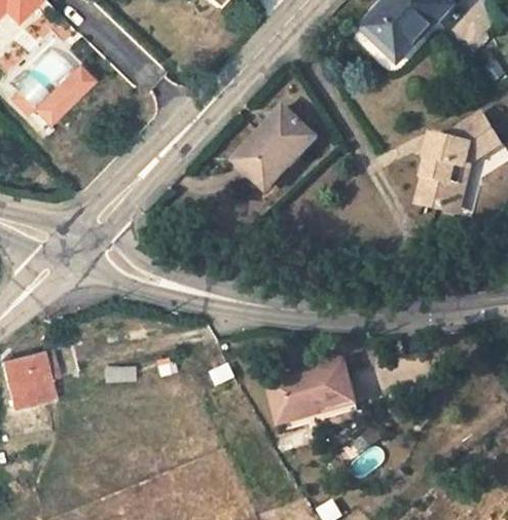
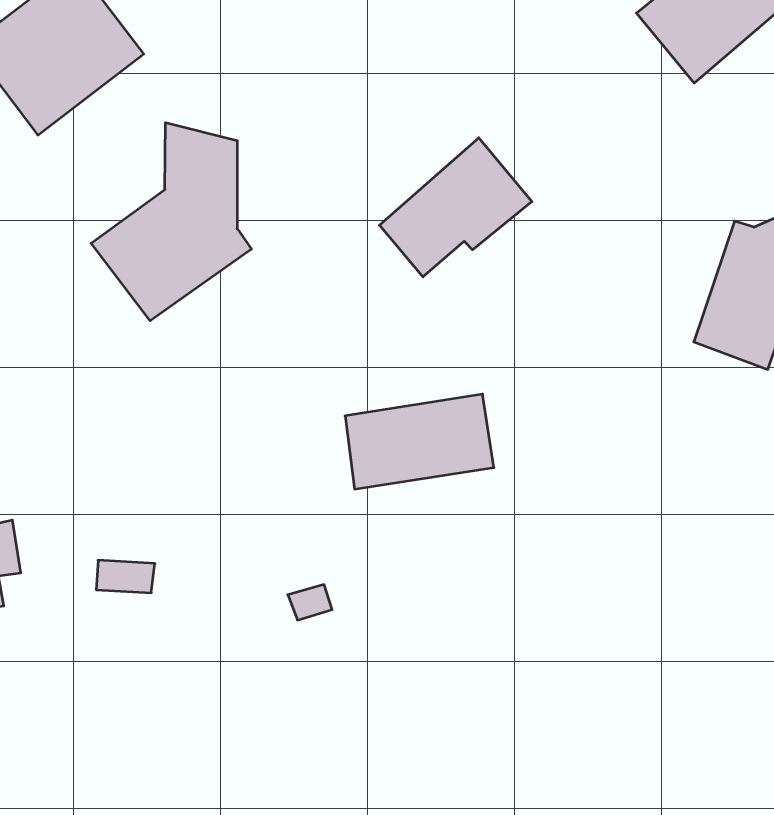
building: none -> [91,123,251,321]
building: [268,362,355,423] -> [345,394,494,489]

